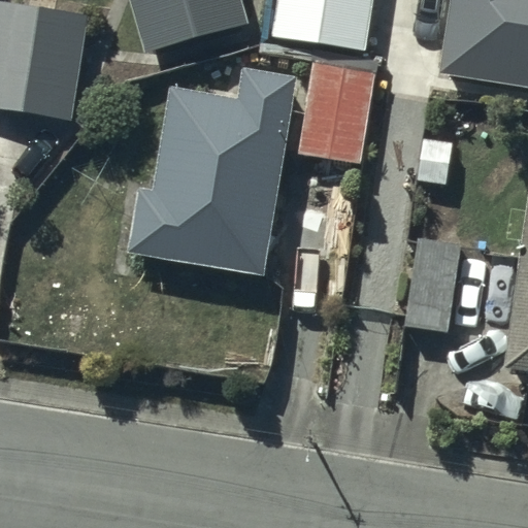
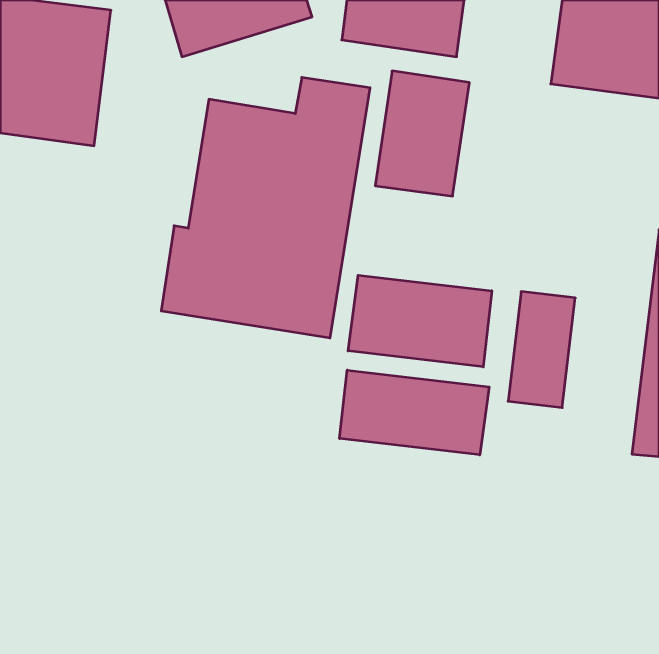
building: none -> [348,275,492,367]
building: none -> [340,370,489,455]

